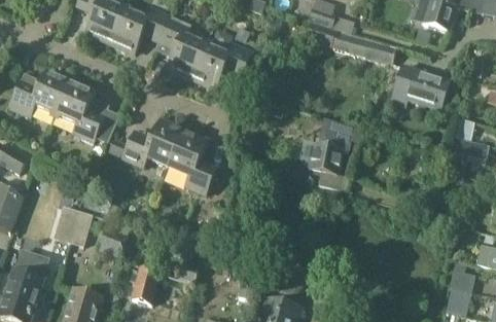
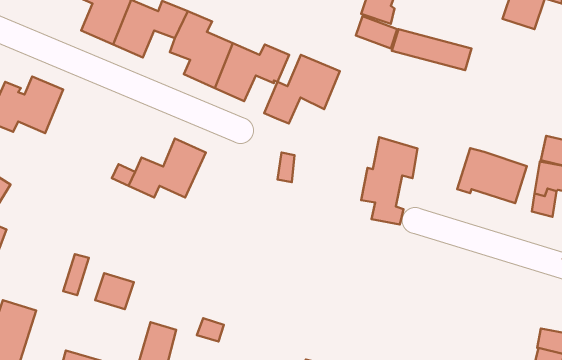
building: none -> [264,55,340,124]
building: [393,66,449,110] -> [457,148,527,203]
building: [56,79,119,142] -> none
building: [168,130,215,192] -> none
building: [52,206,79,241] -> none

